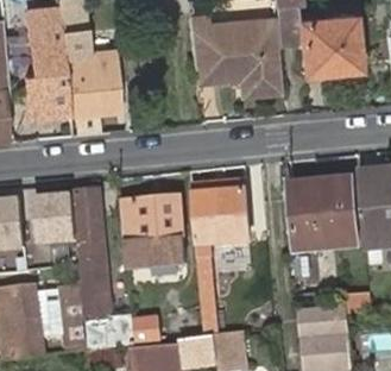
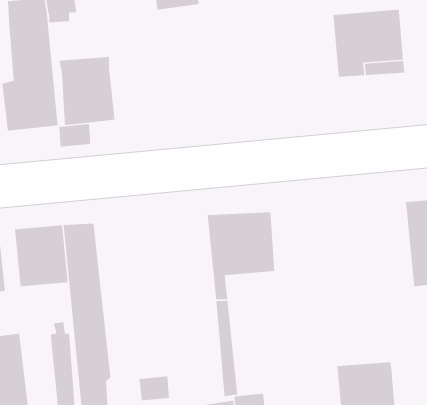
building: [187,12,280,95] -> none
building: [289,178,358,249] -> none
building: [121,197,188,268] -> none

